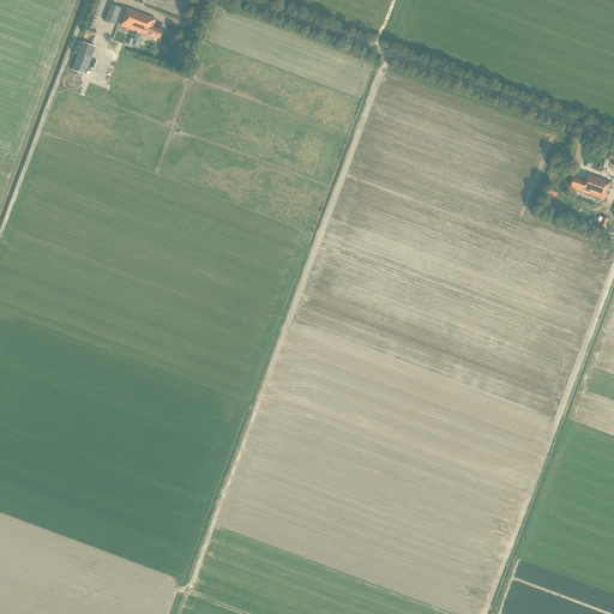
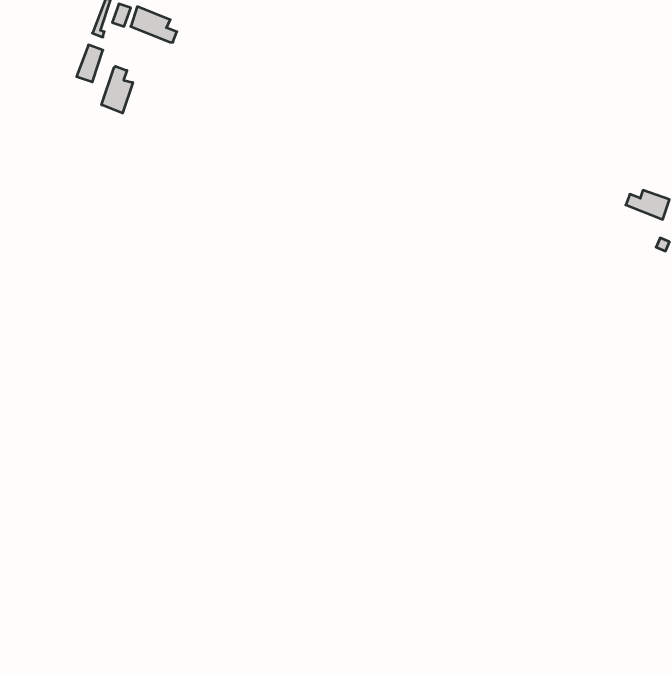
building: none -> [102,66,133,113]

